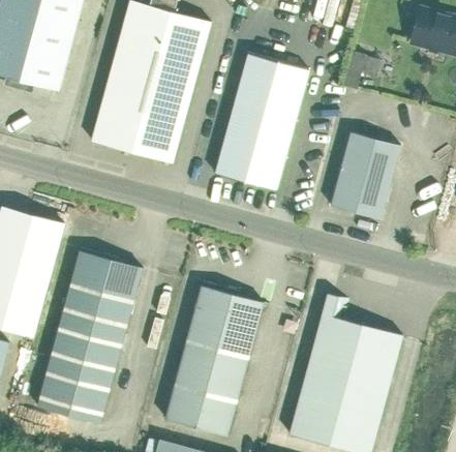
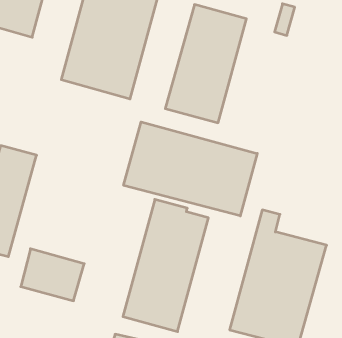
building: [331,131,400,218] -> none
building: none -> [124,122,257,216]
building: [56,247,143,356] -> none
building: [38,383,107,423] -> none

